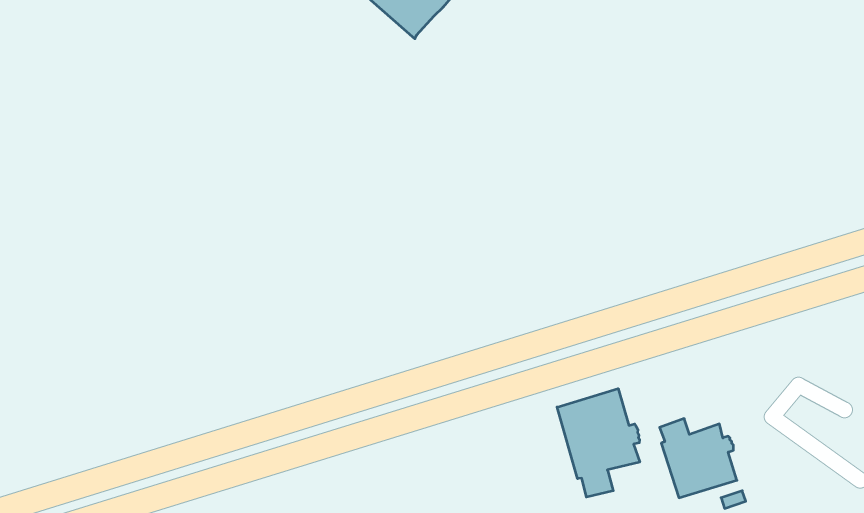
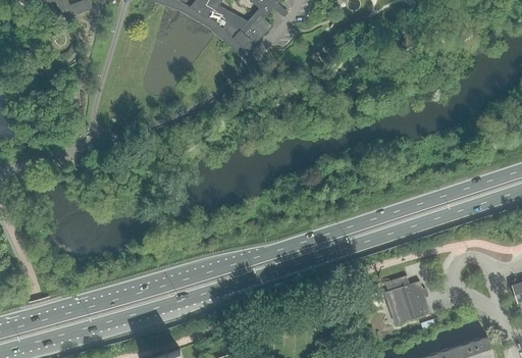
building: [557,389,640,497] -> none

